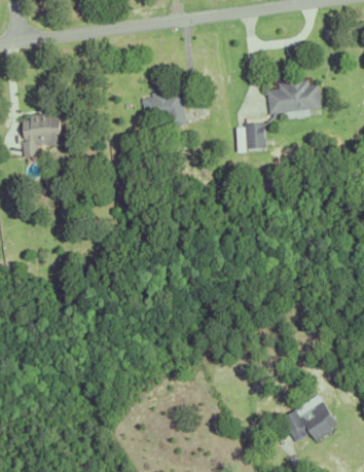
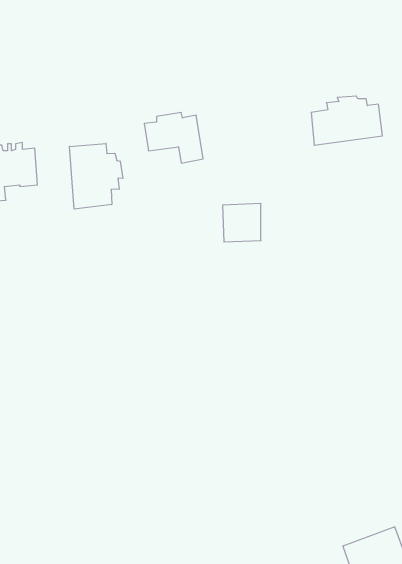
building: none -> [69,143,123,209]
building: [241,125,269,154] -> [223,204,261,242]

